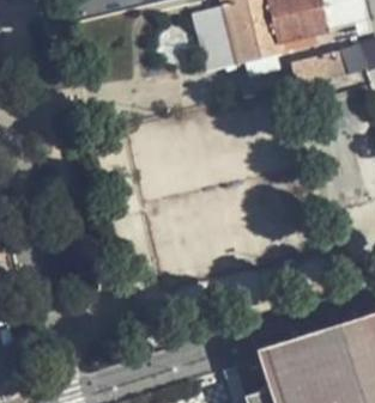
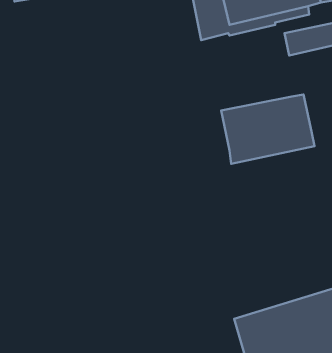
building: none -> [221,94,314,164]

